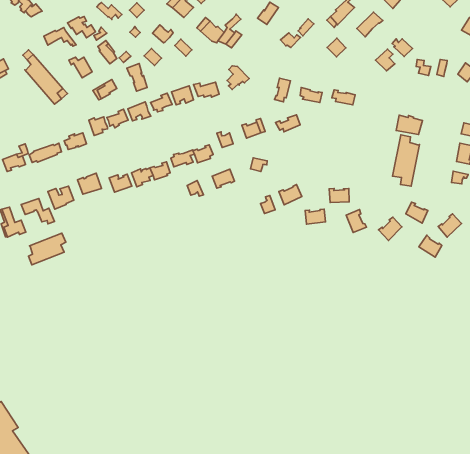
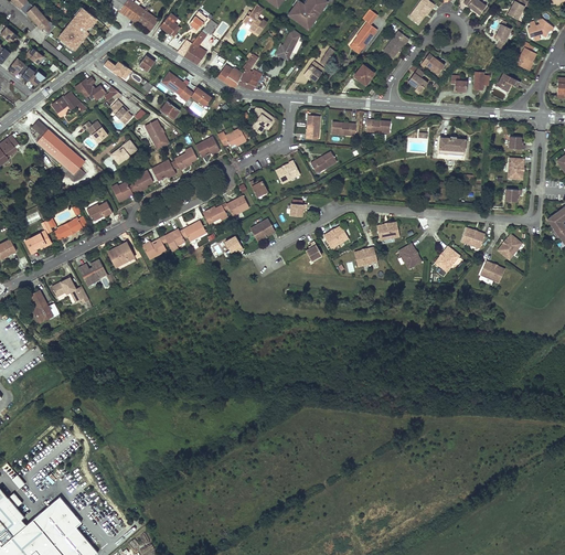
building: [393,135,420,186] -> none
building: [29,233,66,265] -> none

